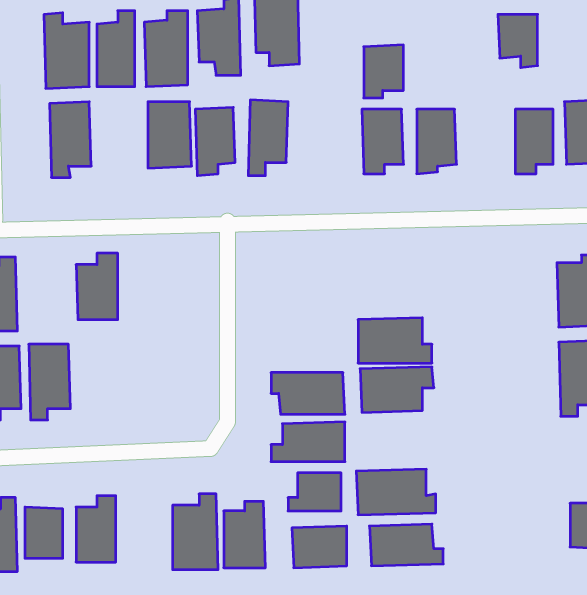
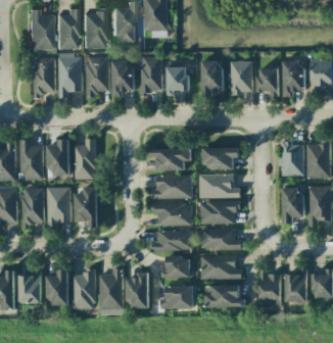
building: [498,14,538,68] -> [257,68,279,97]
building: [364,45,403,98] -> [166,66,188,95]
building: none -> [57,54,82,98]
building: none -> [74,139,96,179]
building: none -> [19,140,44,181]
building: none -> [282,142,303,176]
building: none -> [150,148,191,170]
building: none -> [203,148,239,169]
building: none -> [151,175,191,199]
building: none -> [46,187,72,224]
building: none -> [76,187,98,227]
building: none -> [282,187,303,224]
building: none -> [201,229,242,250]
building: none -> [73,268,95,309]
building: none -> [286,268,307,302]
building: none -> [259,270,281,306]

